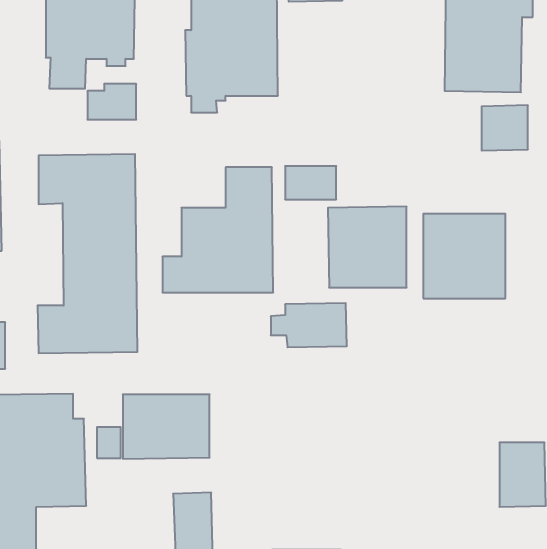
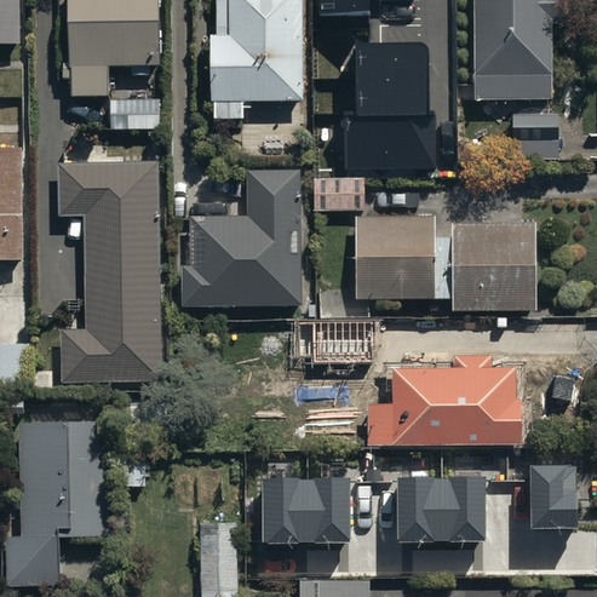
building: none -> [341,39,436,166]
building: none -> [367,345,518,434]
building: [123,394,210,459] -> [260,475,349,540]
building: none -> [395,473,483,539]

